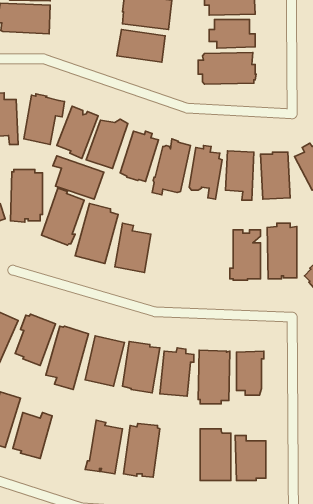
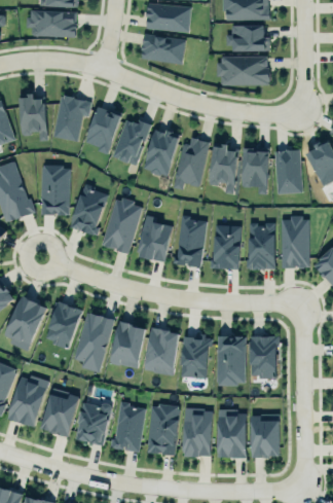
building: [53,156,104,199] -> none
building: none -> [174,215,207,267]
building: none -> [210,225,240,268]
building: none -> [76,401,112,445]
building: none -> [181,406,213,458]

